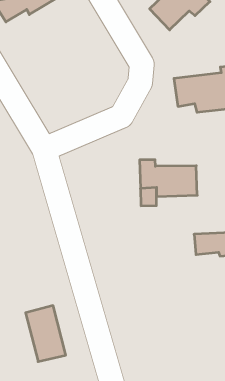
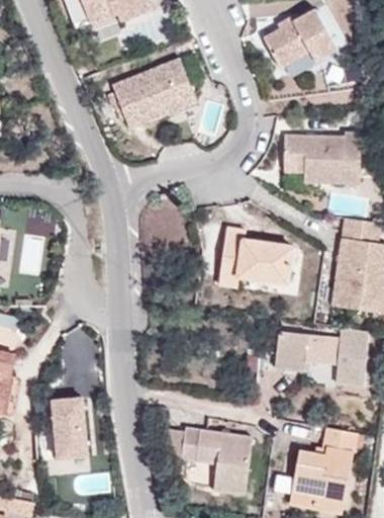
building: none -> [112,61,197,133]
building: none -> [180,427,251,494]

